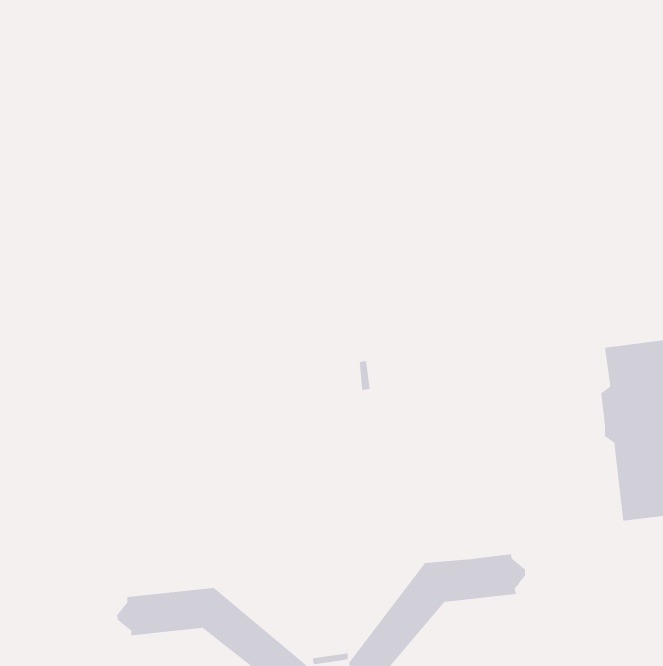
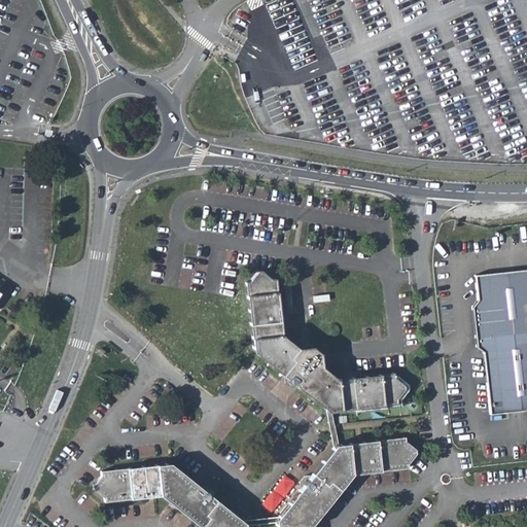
building: none -> [248,272,408,413]

